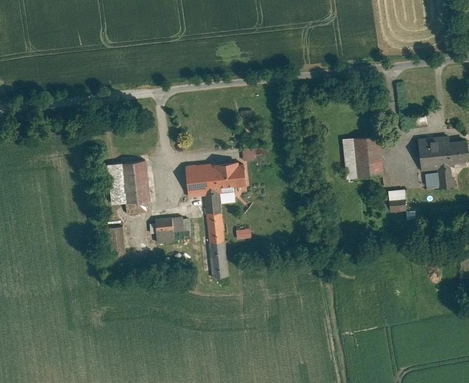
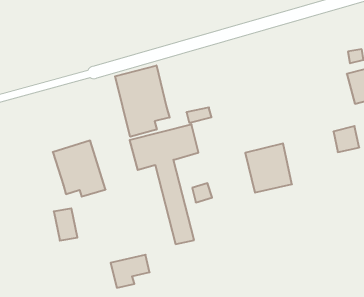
building: none -> [115,65,170,137]
building: [344,136,385,180] -> [245,143,292,193]
building: [147,218,184,246] -> [111,255,150,288]

